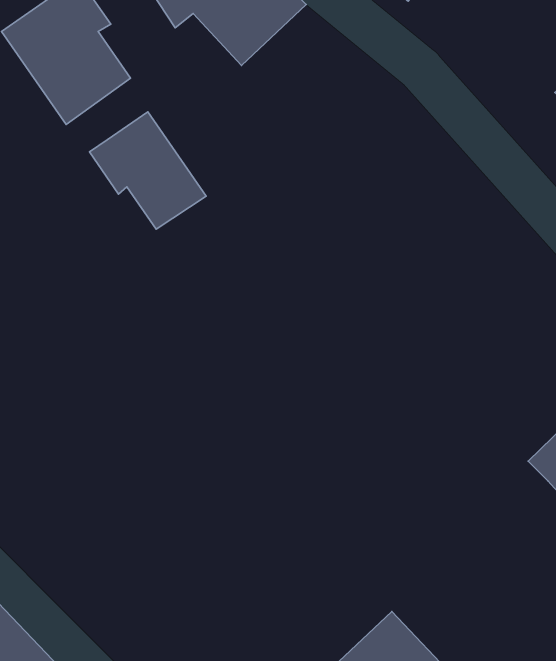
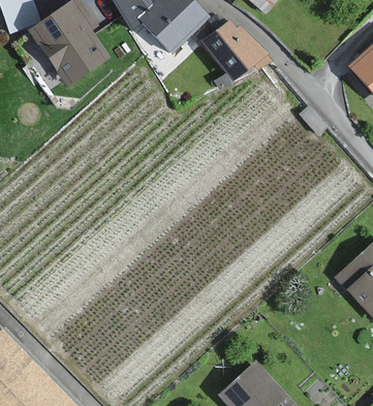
building: none -> [205,23,268,79]
building: [89,112,206,229] -> none

